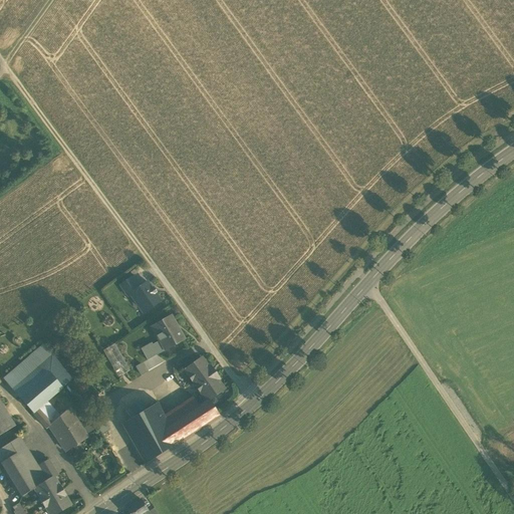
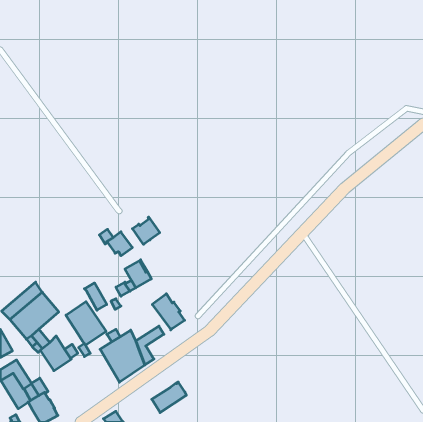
building: none -> [132,217,160,244]
building: none -> [66,302,106,345]
building: [177,399,219,436] -> [152,382,186,413]

